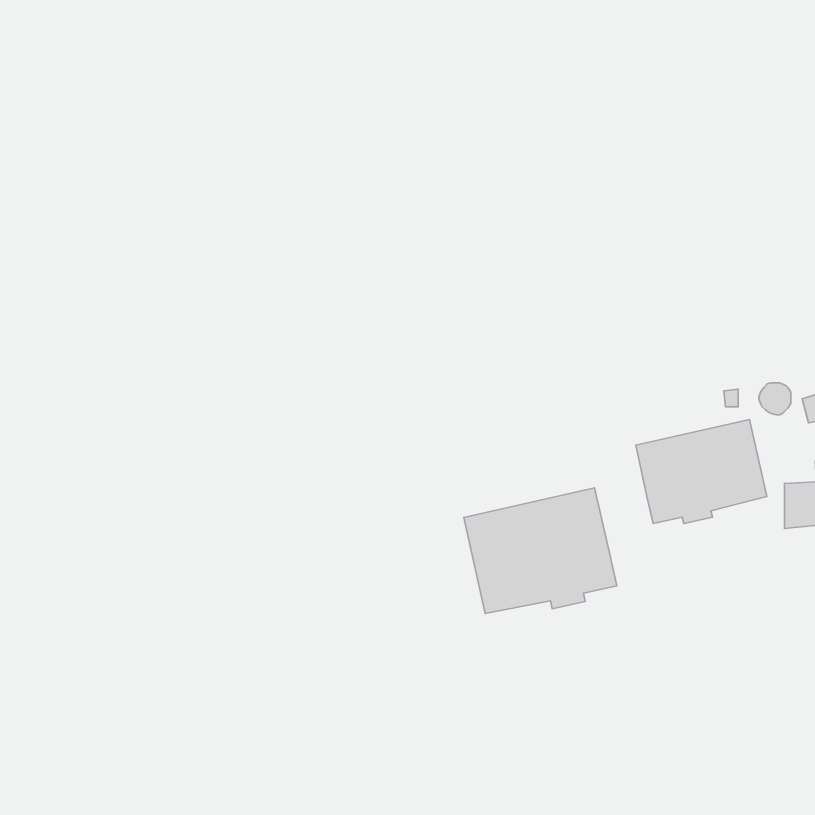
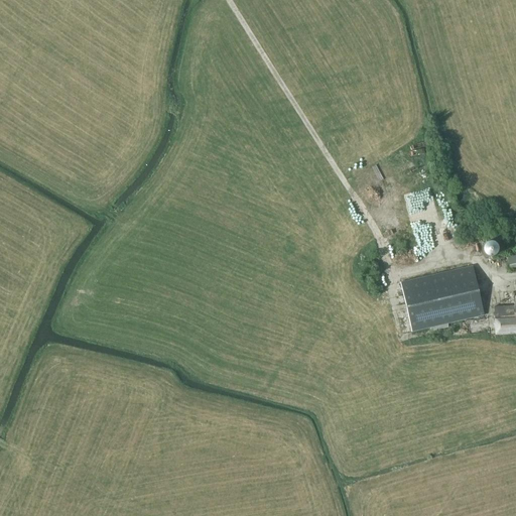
building: [464,488,617,613] -> none

